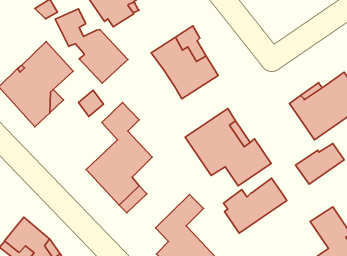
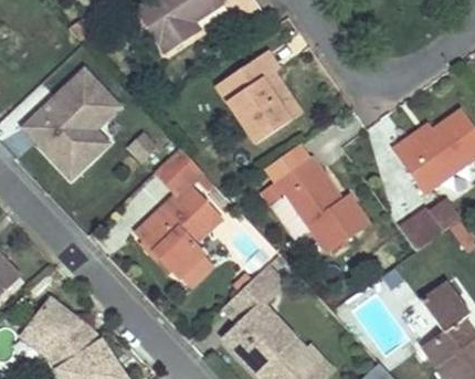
building: [55,9,128,83] -> none
building: [224,178,287,233] -> none

